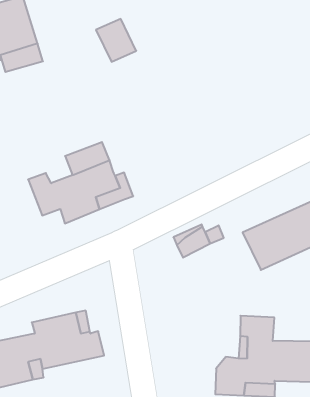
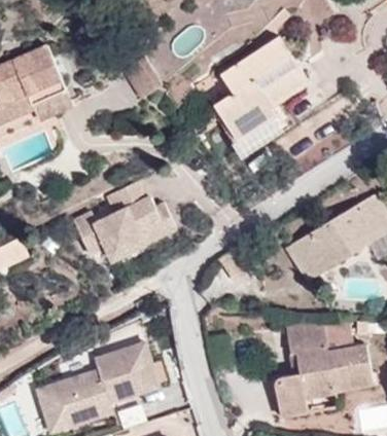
building: none -> [213,37,308,154]

